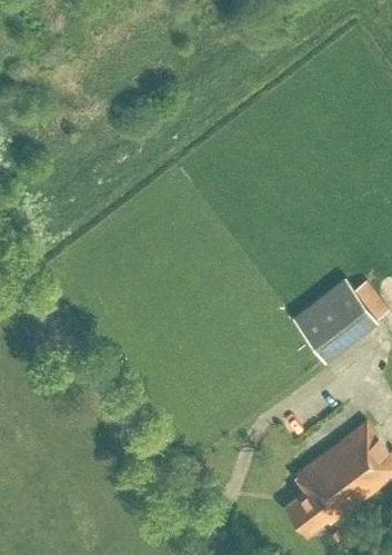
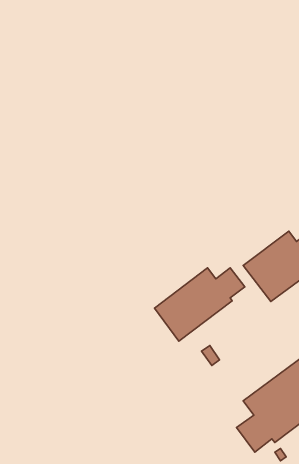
building: none -> [154,268,245,341]

